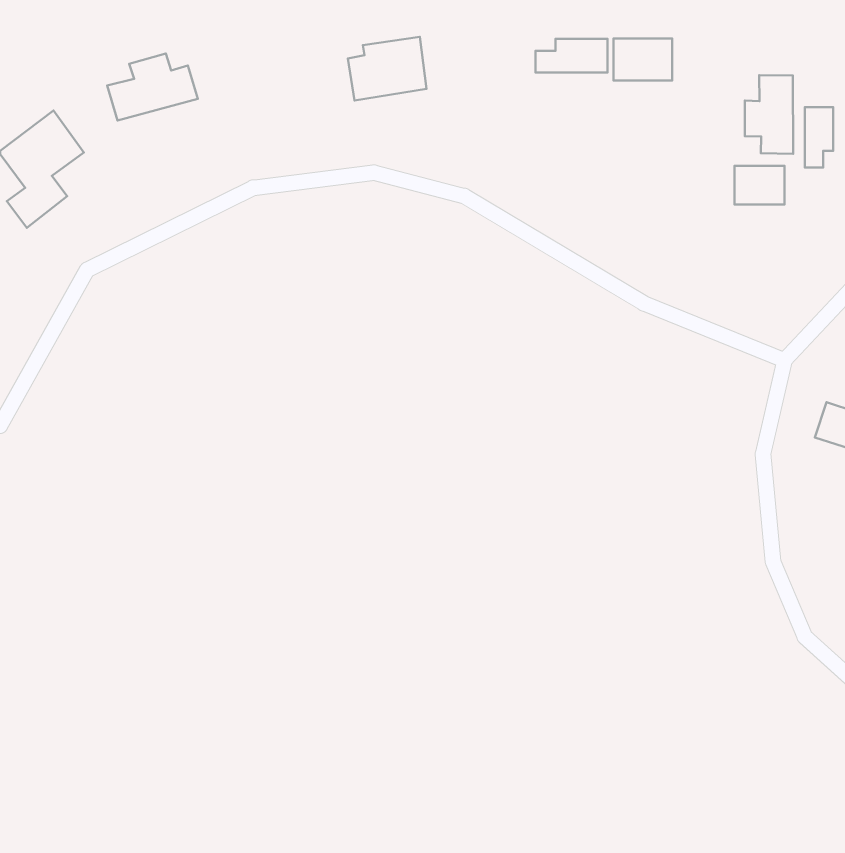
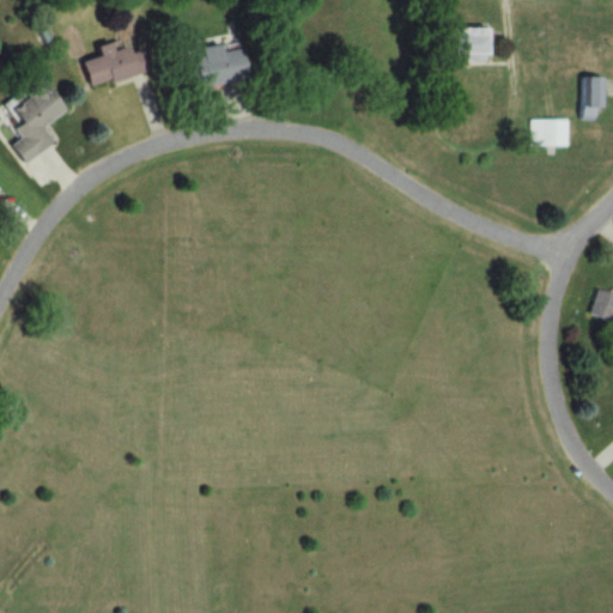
building: [348,37,427,100] -> [193,42,249,87]
building: [536,39,607,73] -> none
building: [745,75,793,154] -> none

